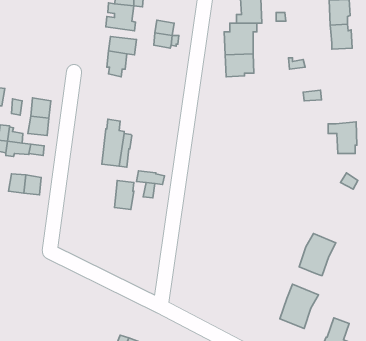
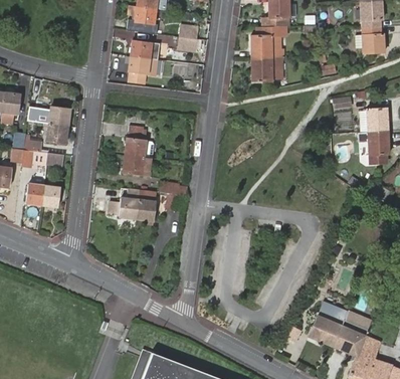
building: none -> [366,109,388,132]
building: none -> [108,188,138,219]
building: [299,233,336,276] -> [334,311,372,355]

